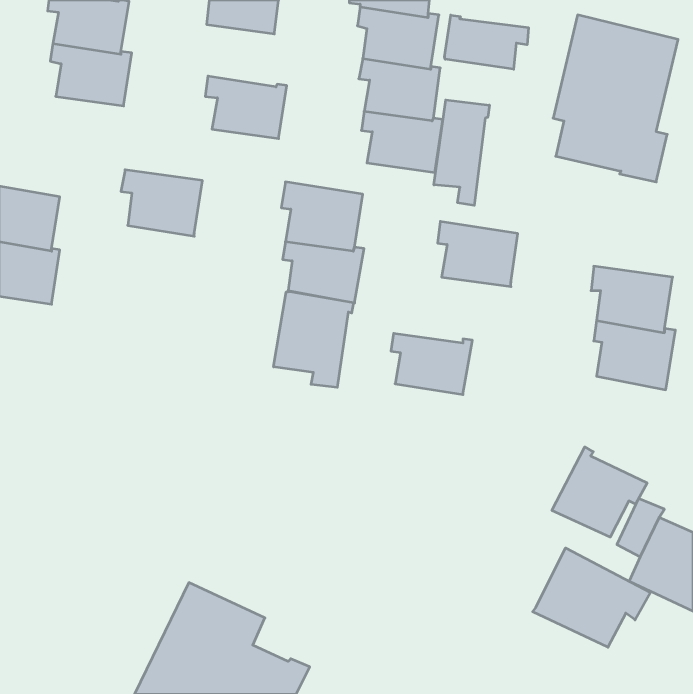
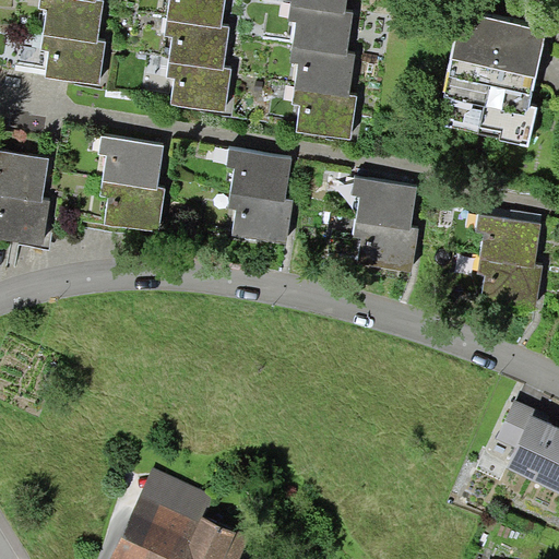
building: [445,15,528,69] -> none
building: none -> [163,20,228,70]
building: [434,100,489,205] -> none
building: none -> [99,181,165,231]
building: [274,292,353,387] -> none
building: [391,333,472,395] -> [353,223,418,272]
building: [552,447,647,537] -> none
building: [533,548,650,647] -> none

